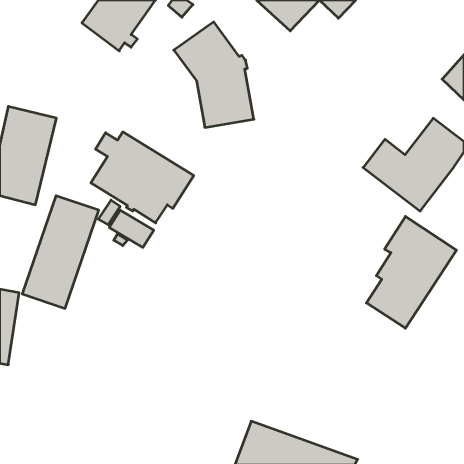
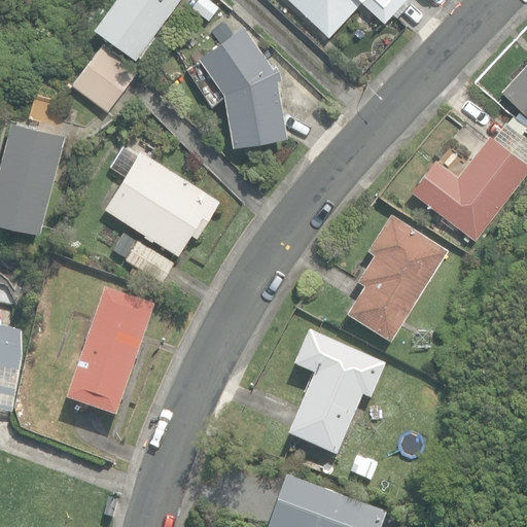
building: none -> [71,44,137,111]
building: [22,196,99,308] -> [67,290,153,418]
building: [366,216,456,328] -> [346,212,448,339]
building: none -> [287,332,385,458]

